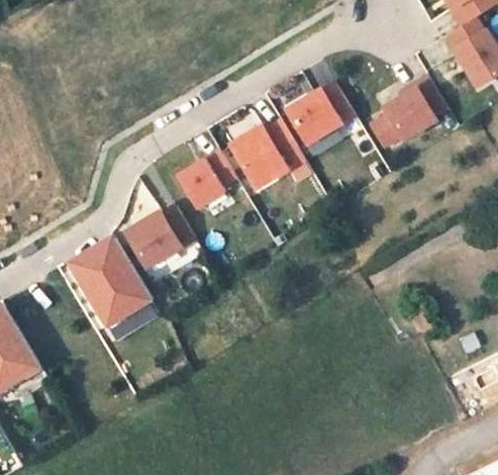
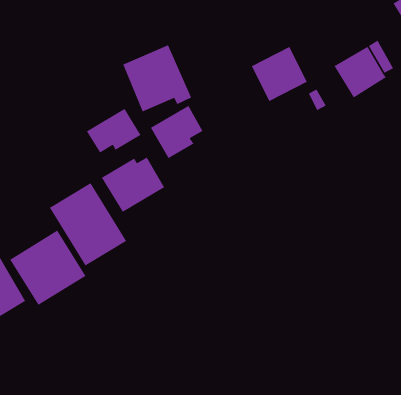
building: [235,114,313,190] -> [122,44,192,112]
building: none -> [86,108,142,153]
building: none -> [9,230,86,306]

